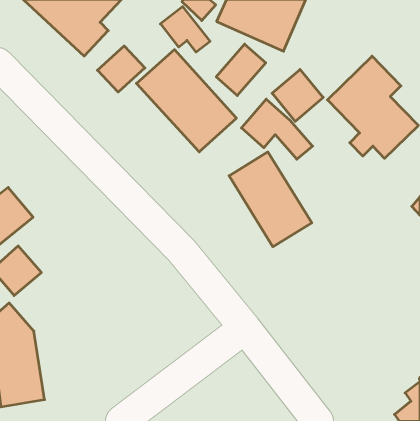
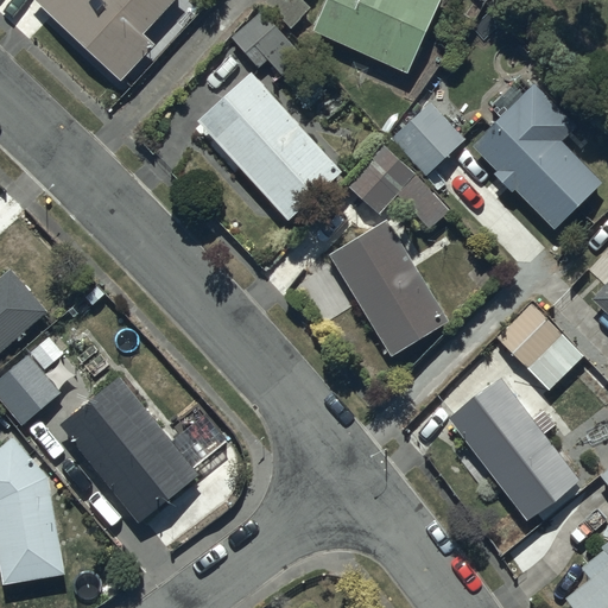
building: [216,44,266,96] -> none
building: [97,46,145,92] -> none
building: none -> [496,304,582,388]
building: none -> [58,374,200,524]
building: none -> [449,376,581,521]

